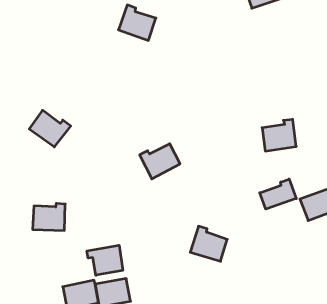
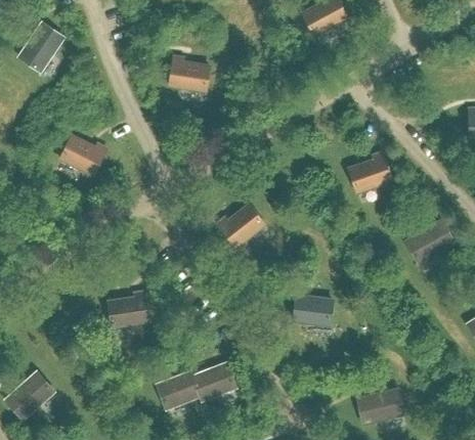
building: [29,110,71,147] -> [60,136,106,175]
building: [260,179,296,209] -> none
building: [87,245,123,275] -> none

